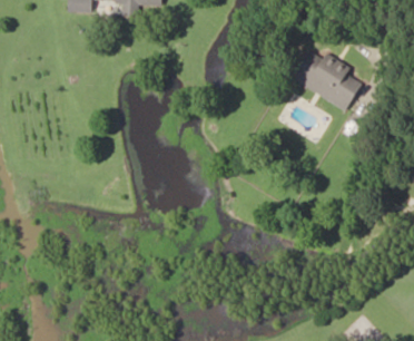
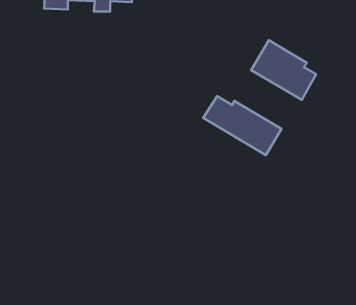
building: none -> [203,96,282,155]

